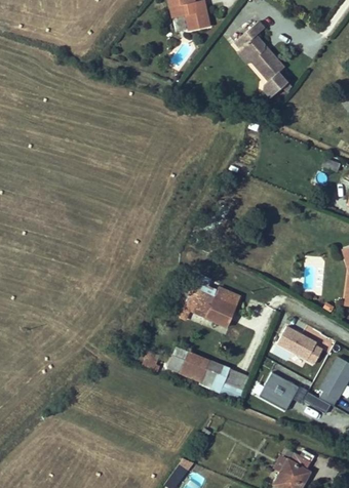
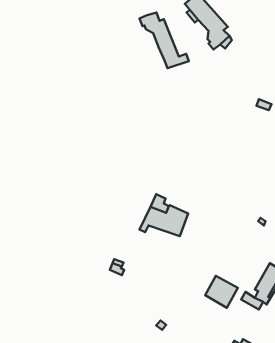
building: none -> [139,12,189,68]
building: [277,326,323,364] -> none
building: [166,345,249,399] -> none

